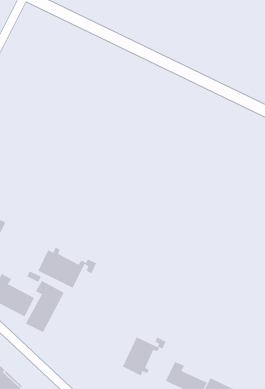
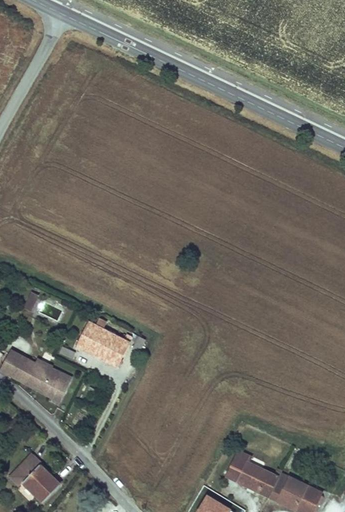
building: [25,280,65,333] -> none
building: [122,337,166,376] -> none

